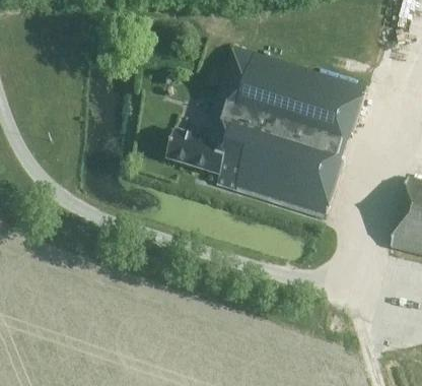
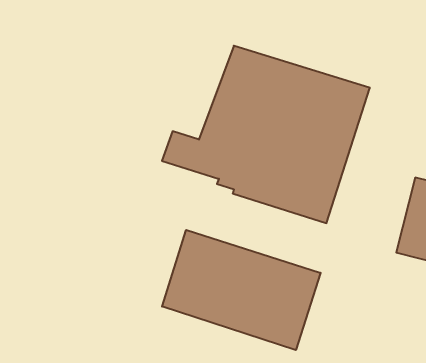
building: none -> [162,230,321,350]

